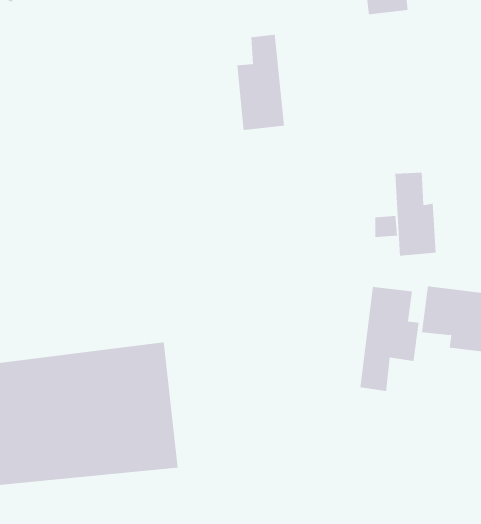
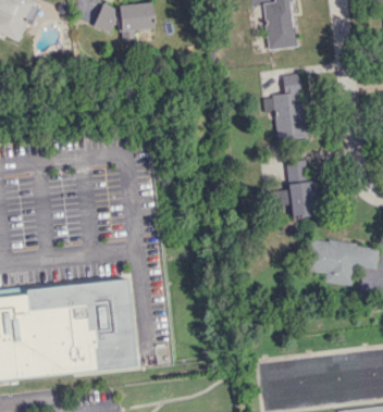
building: [236,34,285,131] -> [273,74,307,141]
building: [360,286,419,392] -> none

